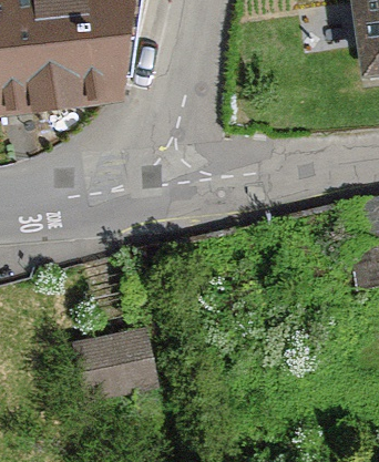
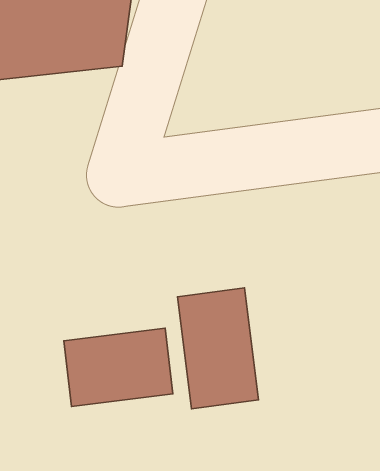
building: none -> [177,288,259,409]

